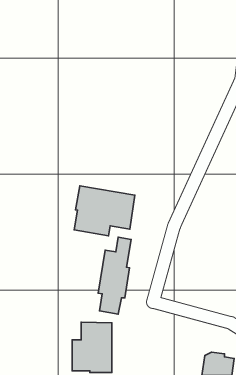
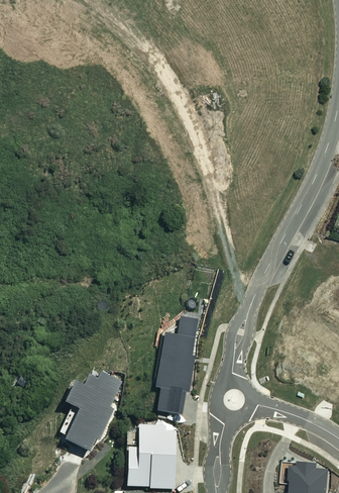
building: [74,186,135,236] -> none
building: none -> [64,373,122,453]

